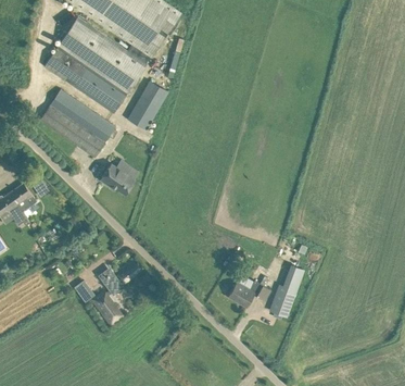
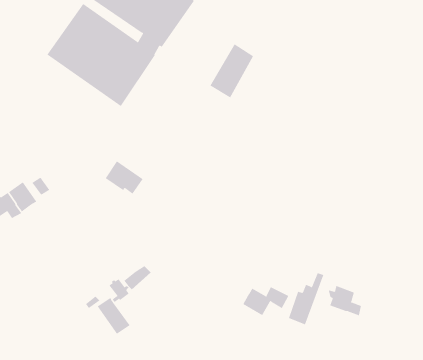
building: [127,79,168,130] -> [210,43,254,98]
building: [39,89,113,157] -> none
building: none -> [328,285,362,316]

